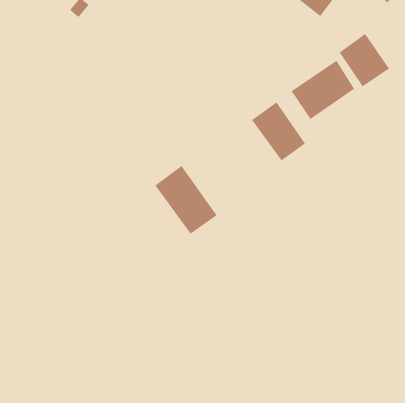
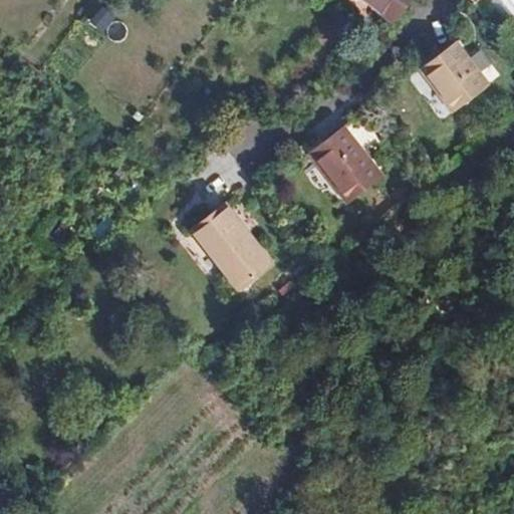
building: [291,60,355,120] -> none

